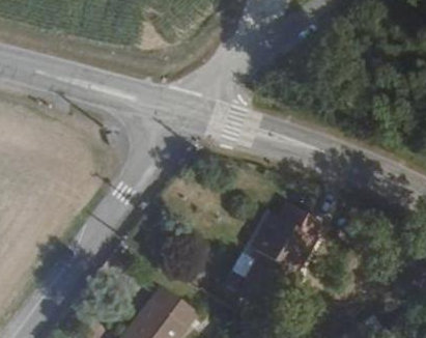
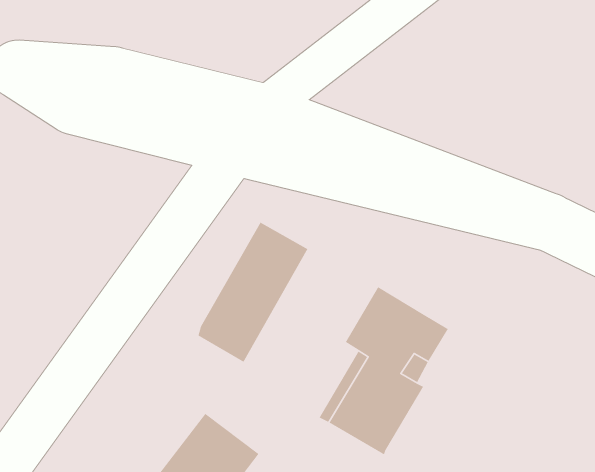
building: none -> [197,221,308,363]

